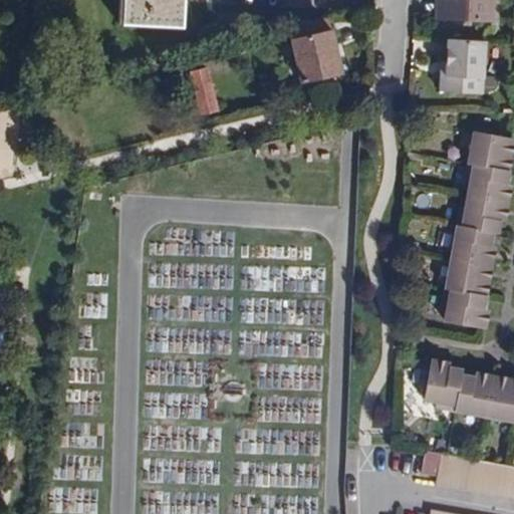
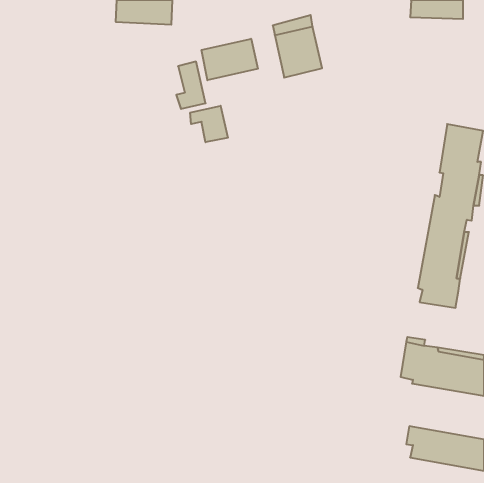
building: [441,39,485,93] -> none
building: none -> [202,39,258,80]
building: none -> [190,106,228,142]

